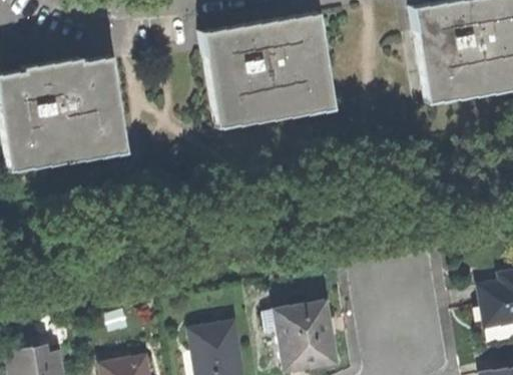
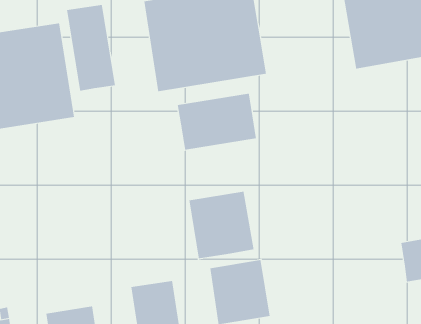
building: none -> [67,4,115,91]
building: none -> [177,93,257,150]
building: none -> [189,191,254,259]

